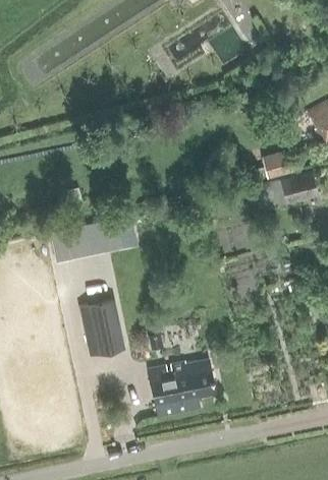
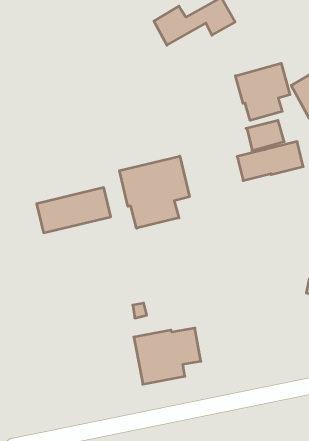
building: none -> [235,63,290,120]
building: none -> [119,156,189,228]
building: [77,298,122,355] -> none

